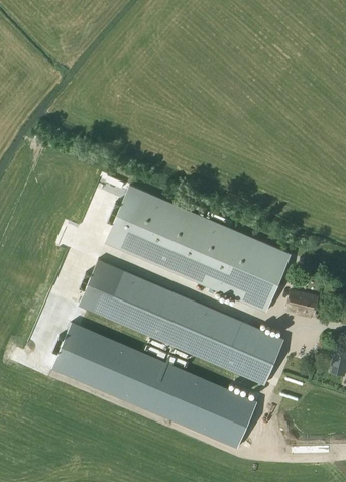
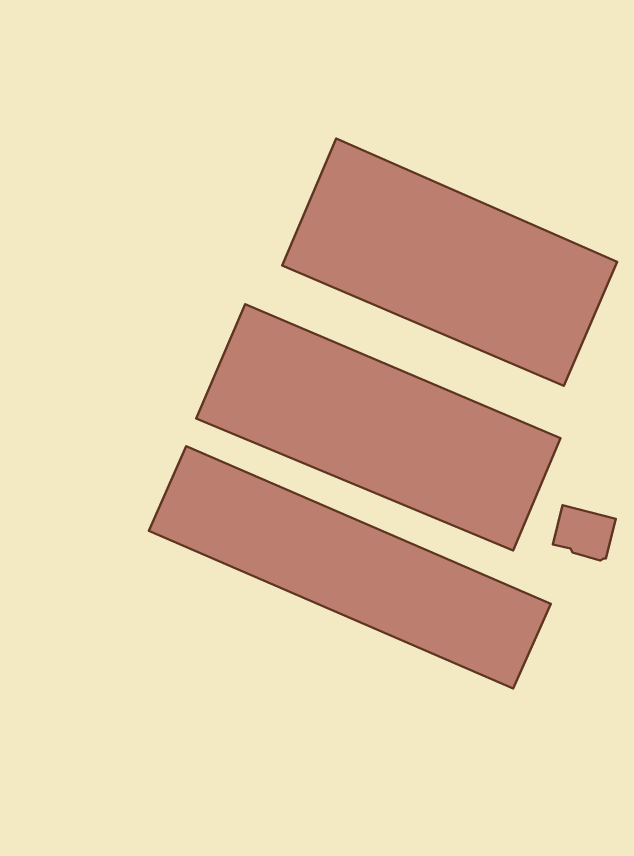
building: none -> [282,139,617,386]
building: [52,322,257,448] -> none

